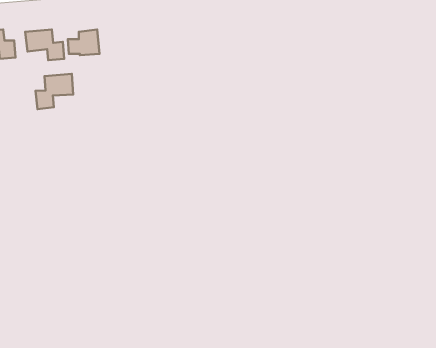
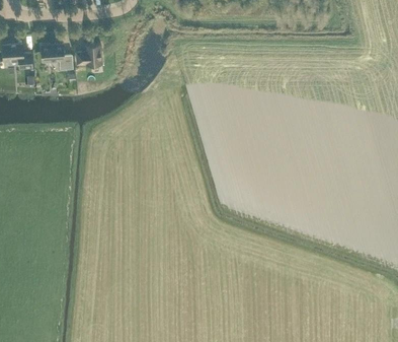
building: [36,74,73,109] -> none

